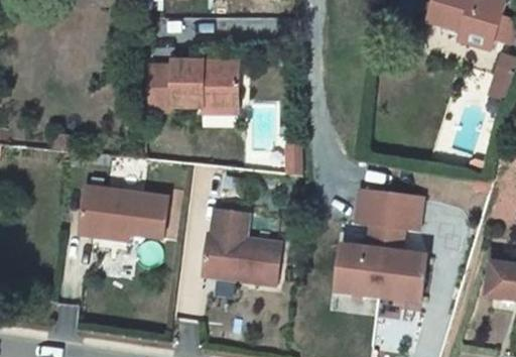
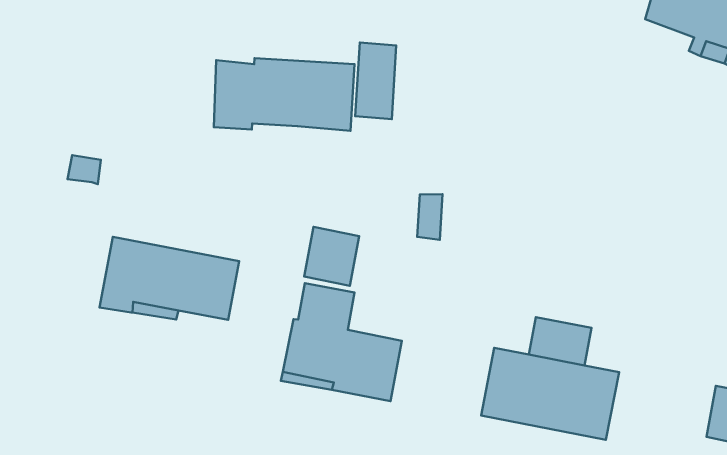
building: none -> [355,43,396,119]
building: none -> [304,227,359,286]
building: [356,190,421,228] -> none

